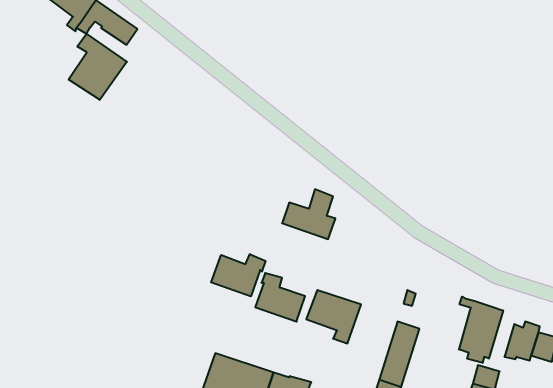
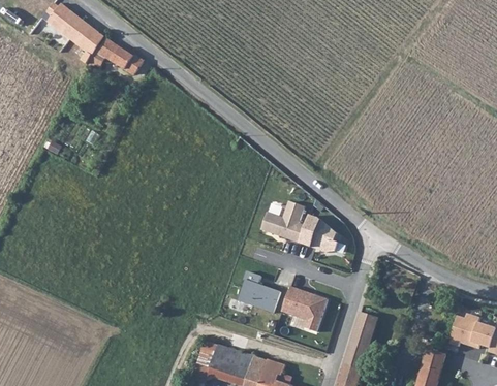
building: [69,34,127,100] -> none
building: none -> [301,215,339,252]
building: [211,254,266,296] -> none
building: [459,297,503,363] -> none

